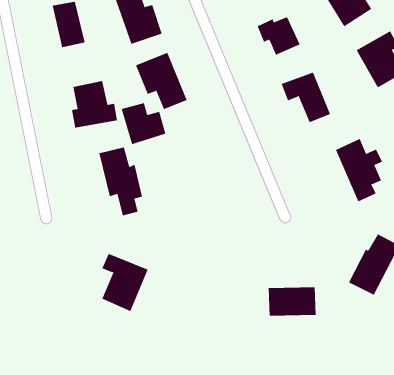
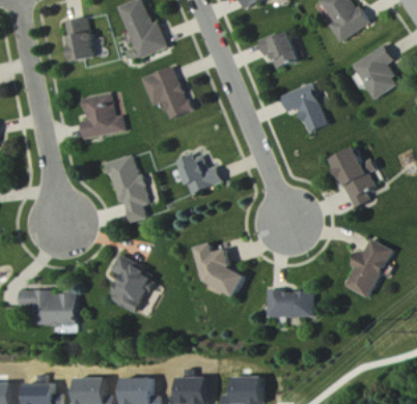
building: [121,102,166,145] -> [178,153,222,194]
building: none -> [195,242,246,296]
building: none -> [19,290,75,325]

